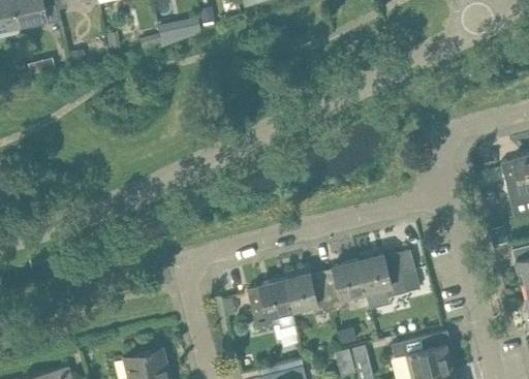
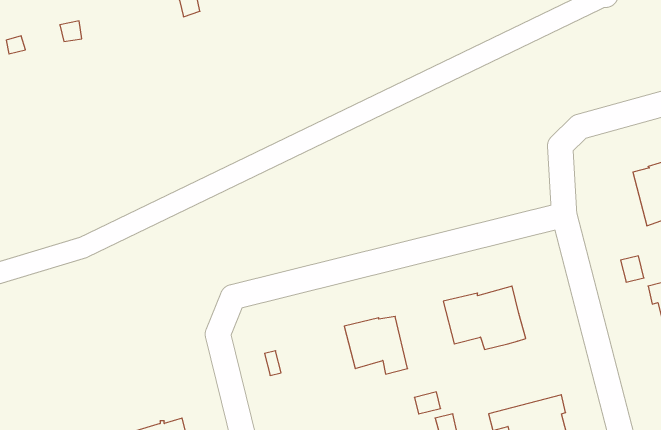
building: [321,261,366,312] -> none
building: [247,280,294,330] -> none

